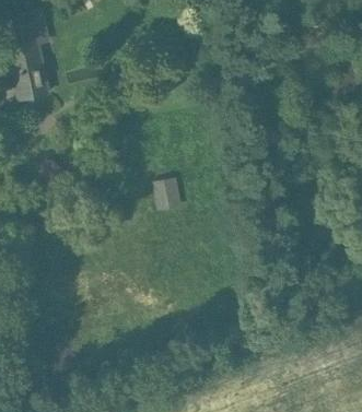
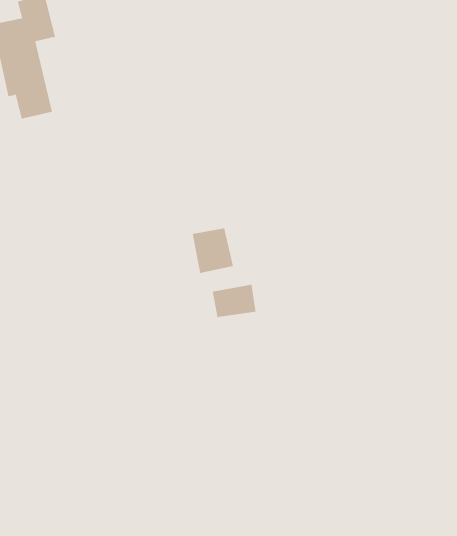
building: none -> [212,284,256,318]

